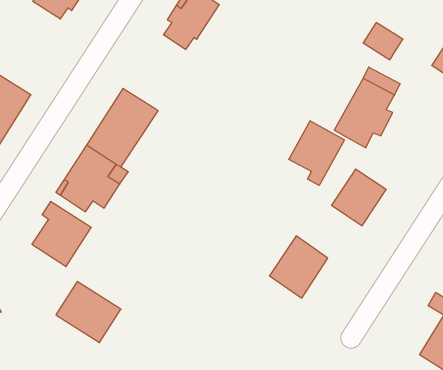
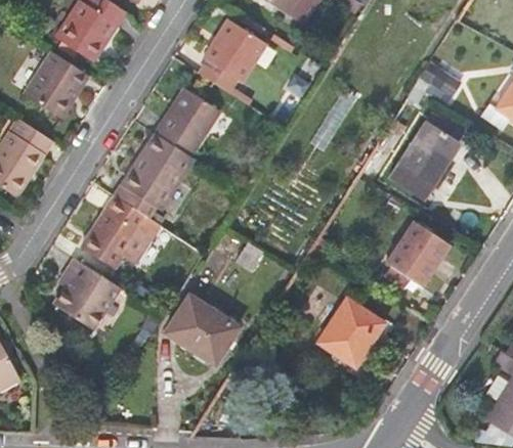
building: none -> [24,52,87,119]
building: none -> [155,88,219,156]
building: [289,121,345,185] -> none
building: [56,281,121,343] -> [168,295,240,362]

